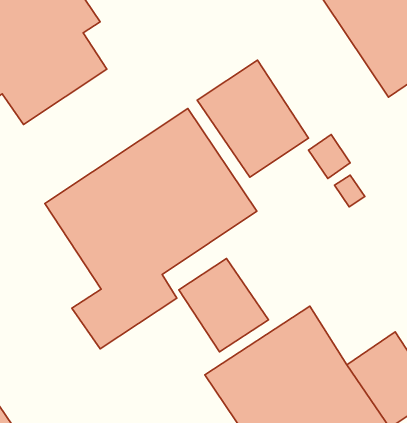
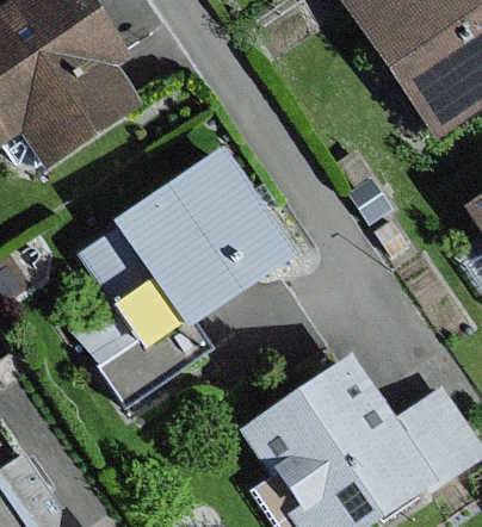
building: [197,60,309,177] -> none
building: [179,258,268,352] -> none

